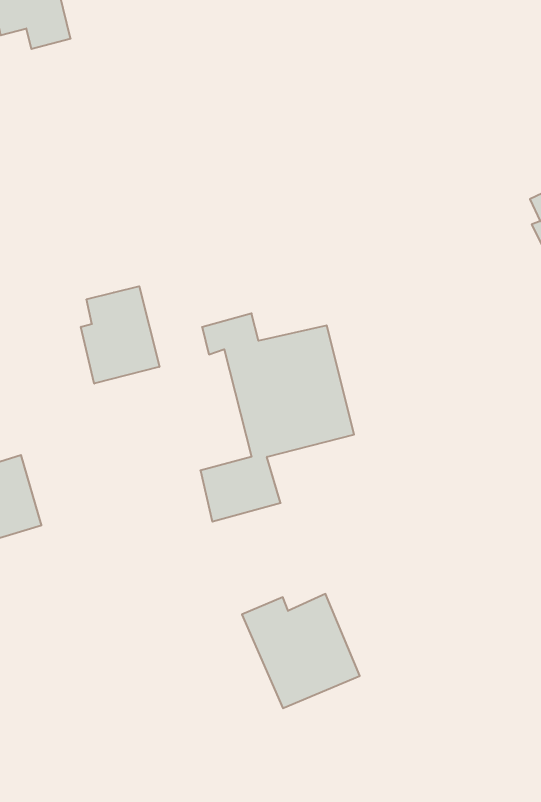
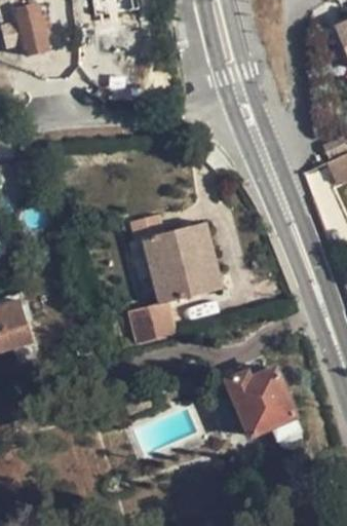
building: [81,286,159,384] -> none
building: [242,594,360,708] -> [224,368,295,437]

